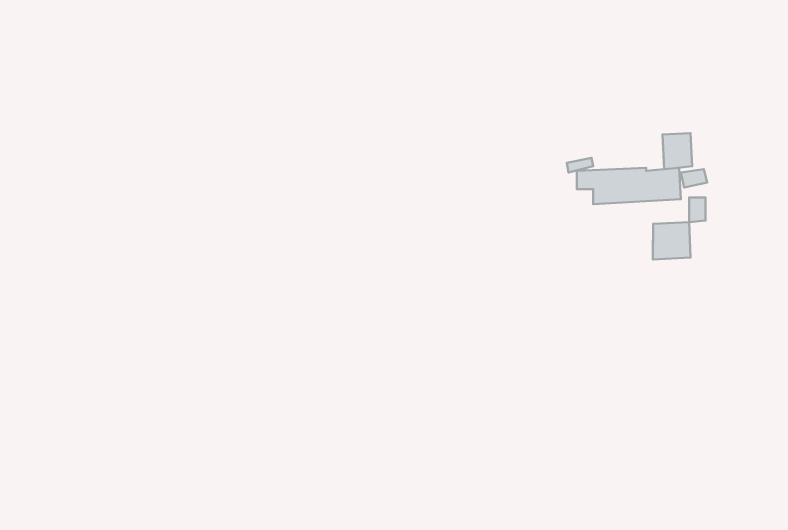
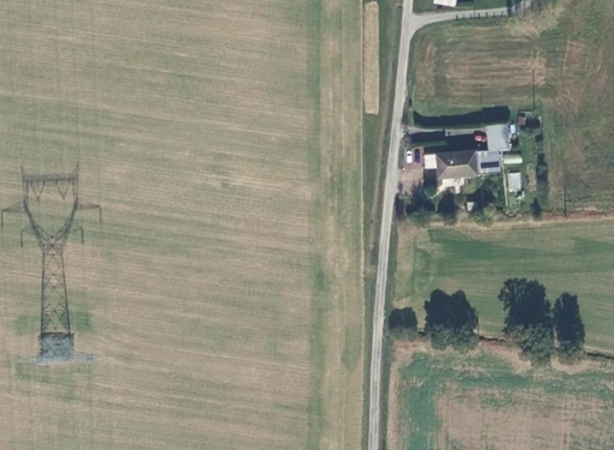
building: [653,222,690,259] -> none

